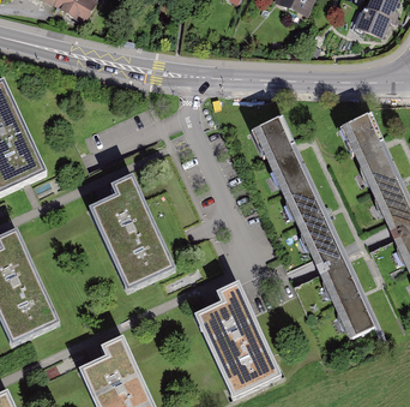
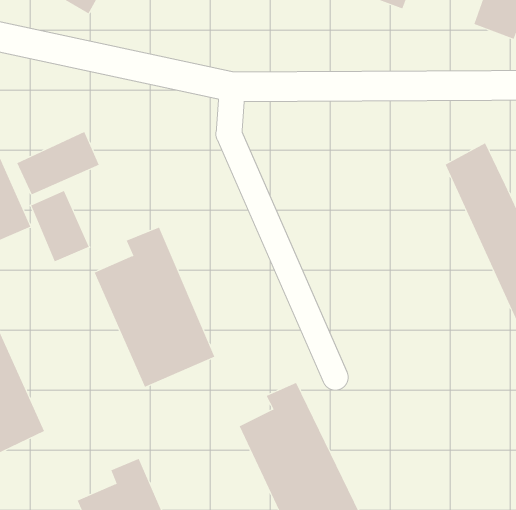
building: none -> [16,131,100,195]
building: [249,115,376,336] -> none
building: none -> [31,190,90,262]

